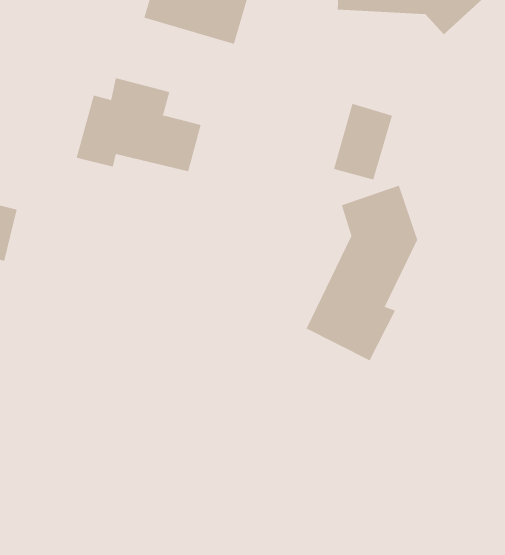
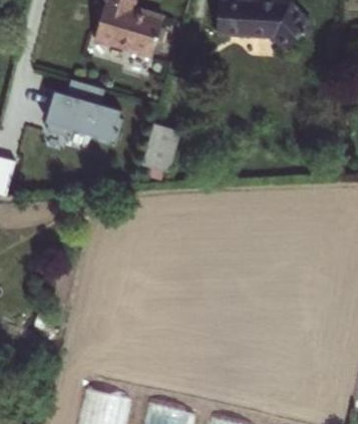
building: [333,103,393,180] -> [139,124,177,173]
building: [306,185,418,361] -> none

